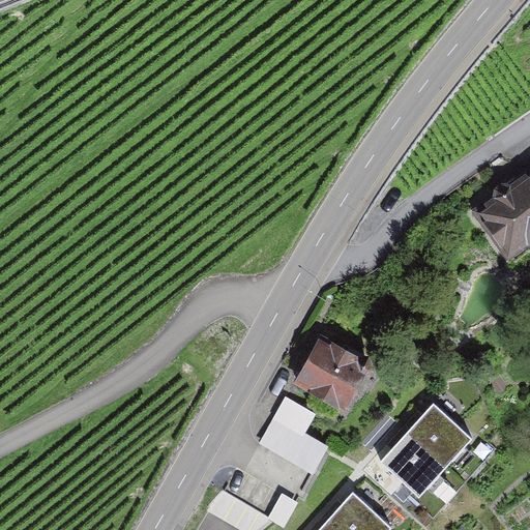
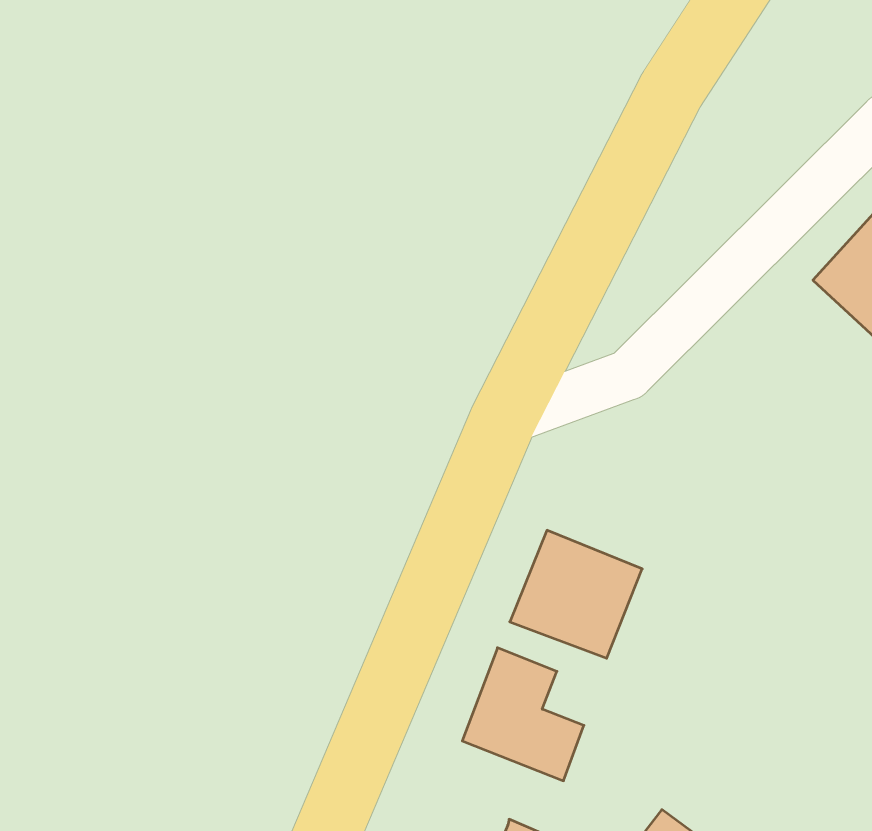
building: [385,408,477,501] -> none

